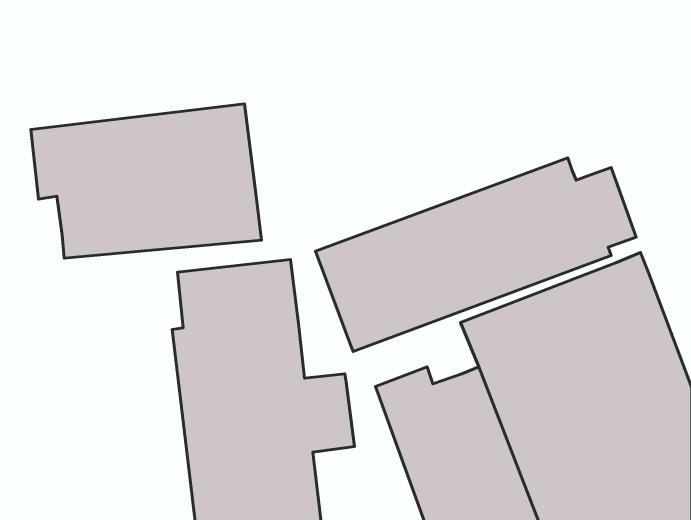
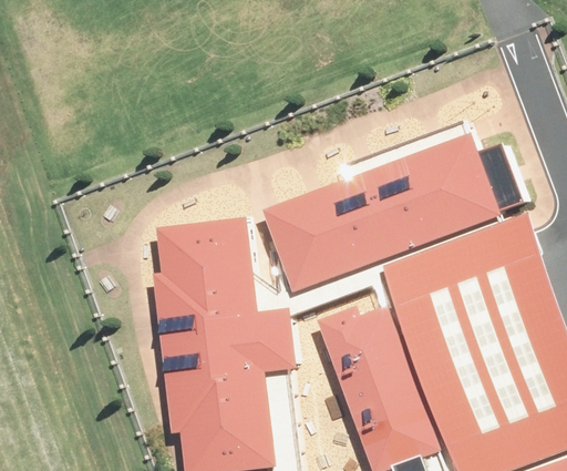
building: [31,104,262,258] -> none

